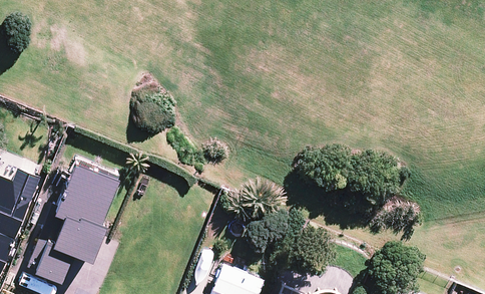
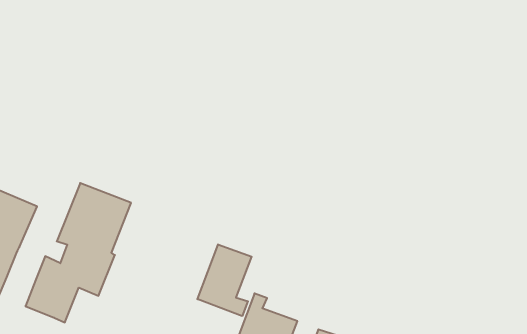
building: none -> [197,244,252,316]

